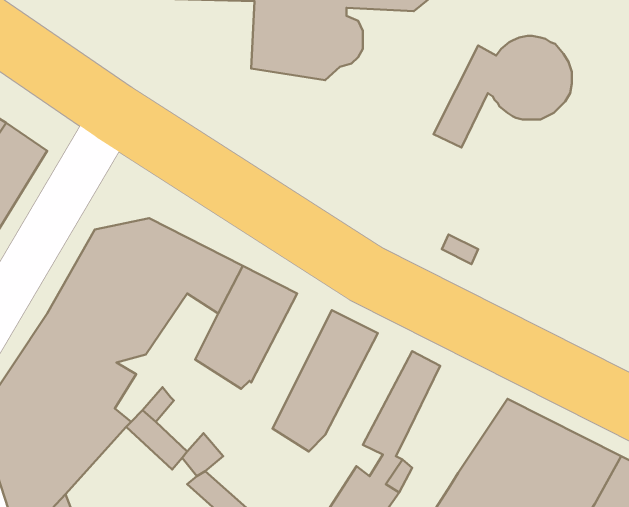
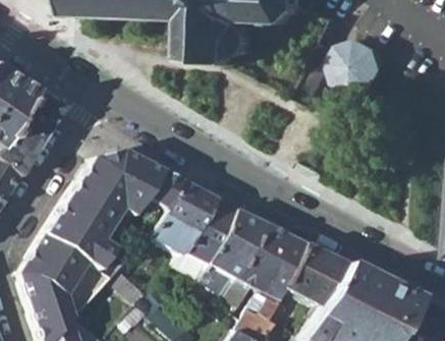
building: none -> [174,197,236,281]
building: none -> [222,222,286,305]
building: none -> [280,242,345,308]

